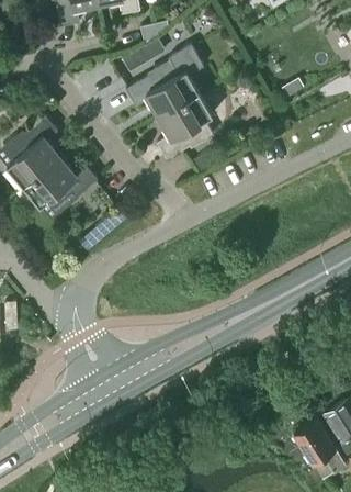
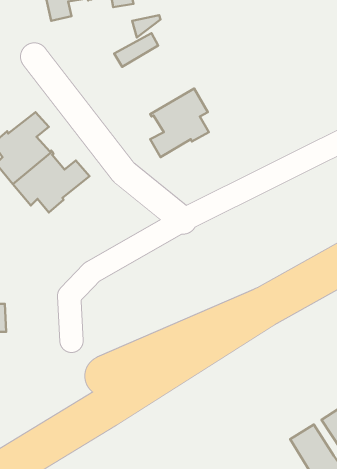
building: [125,45,203,119] -> none

